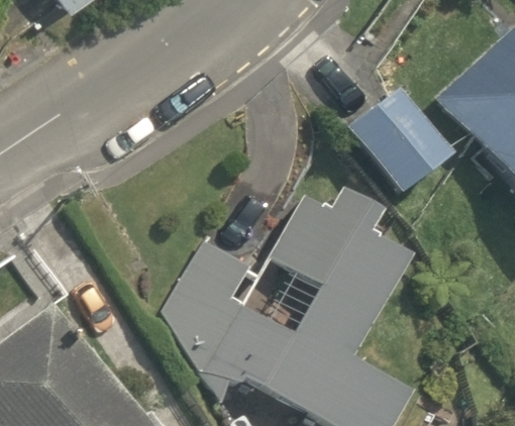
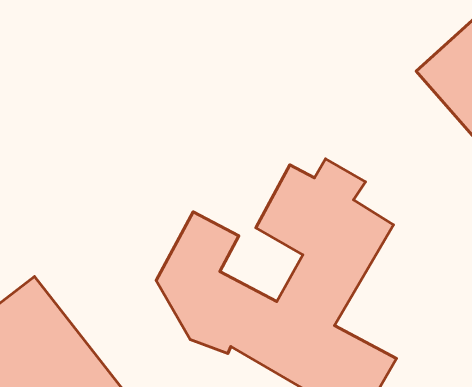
building: [347,91,456,195] -> none

